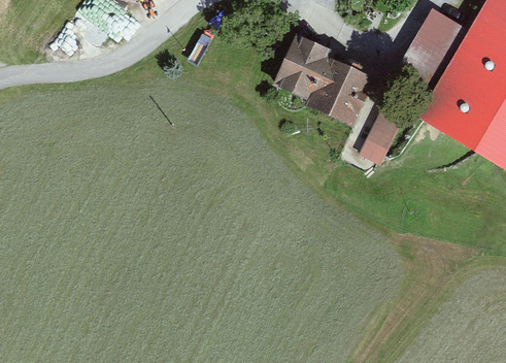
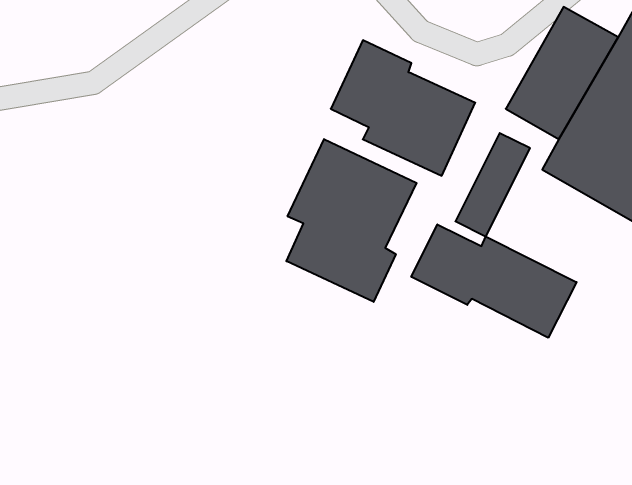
building: none -> [286,139,417,302]
building: none -> [411,224,577,338]

